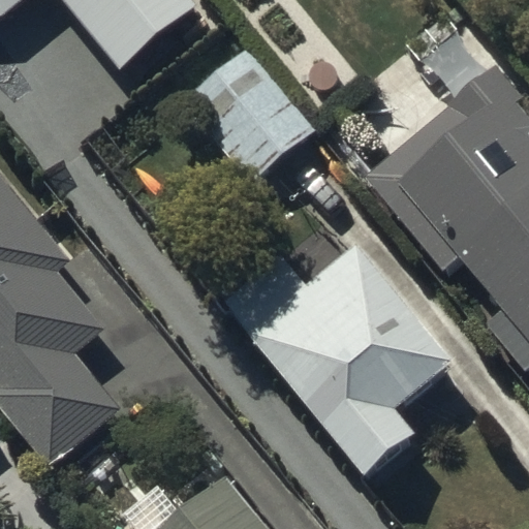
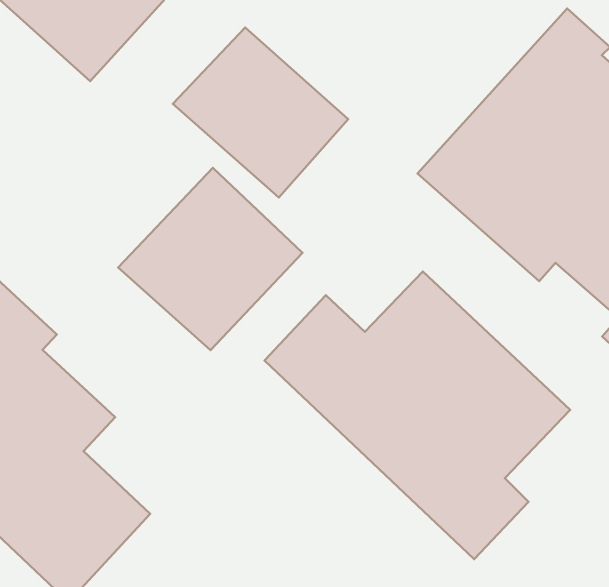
building: none -> [118,168,302,350]

